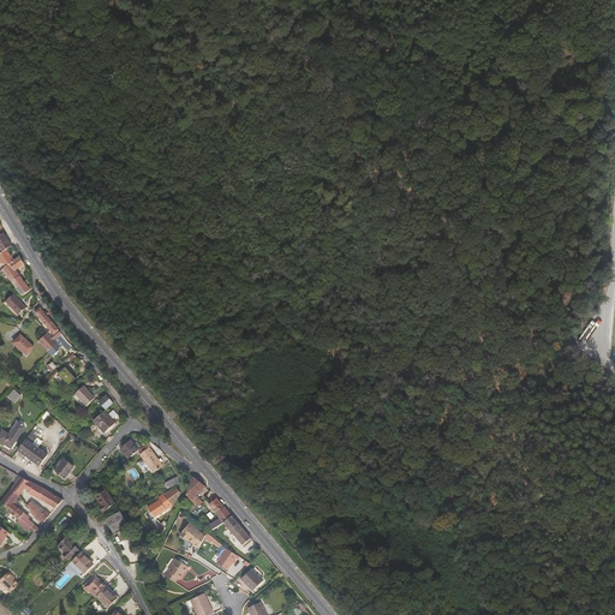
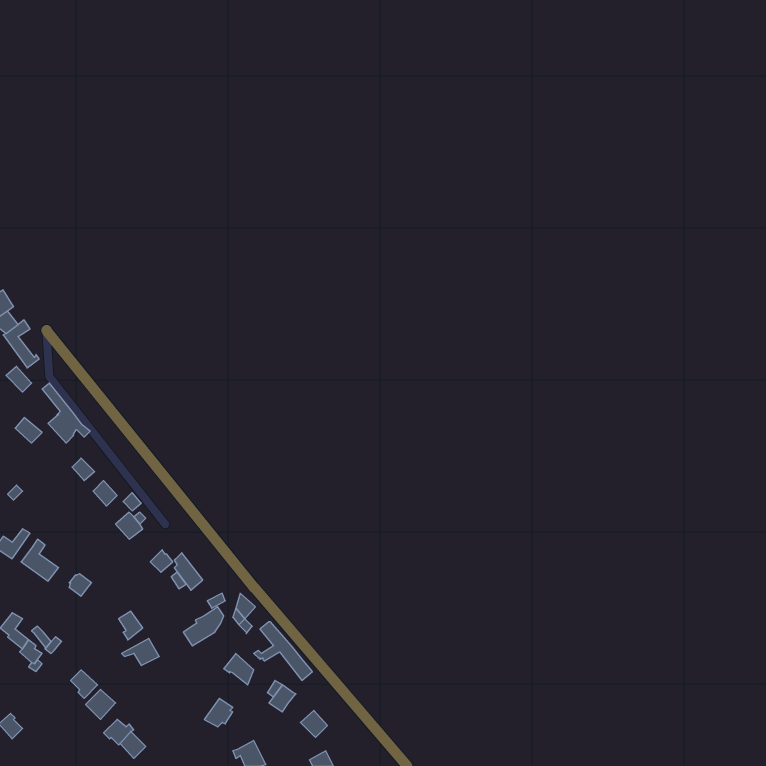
building: [10,476,62,507] -> none

